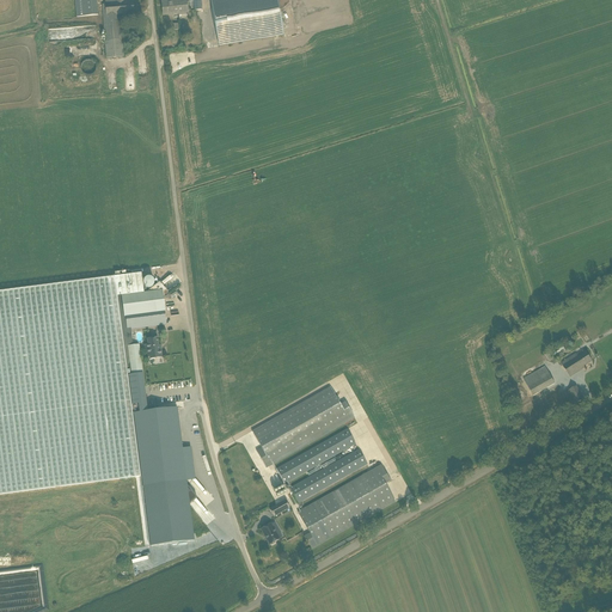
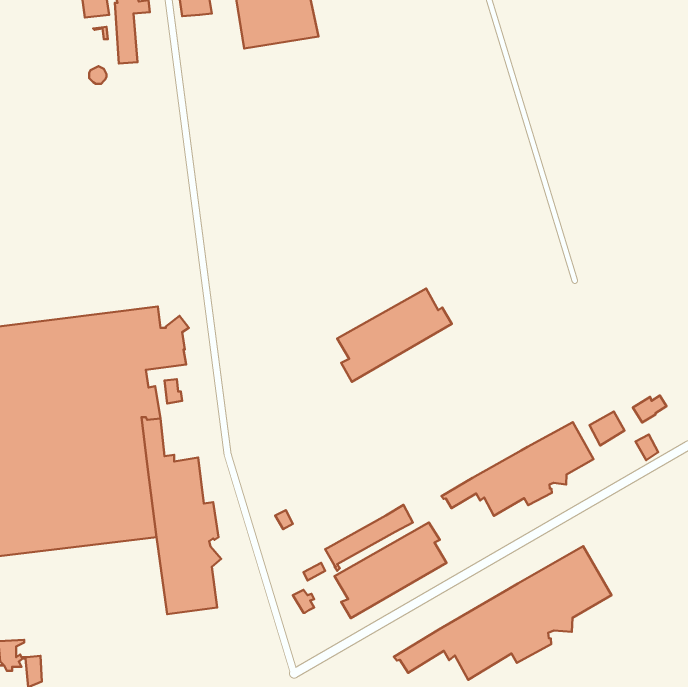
building: none -> [441,422,593,516]
building: [251,384,353,466] -> [337,289,452,382]
building: [275,427,354,485] -> none
building: none -> [394,546,611,680]

